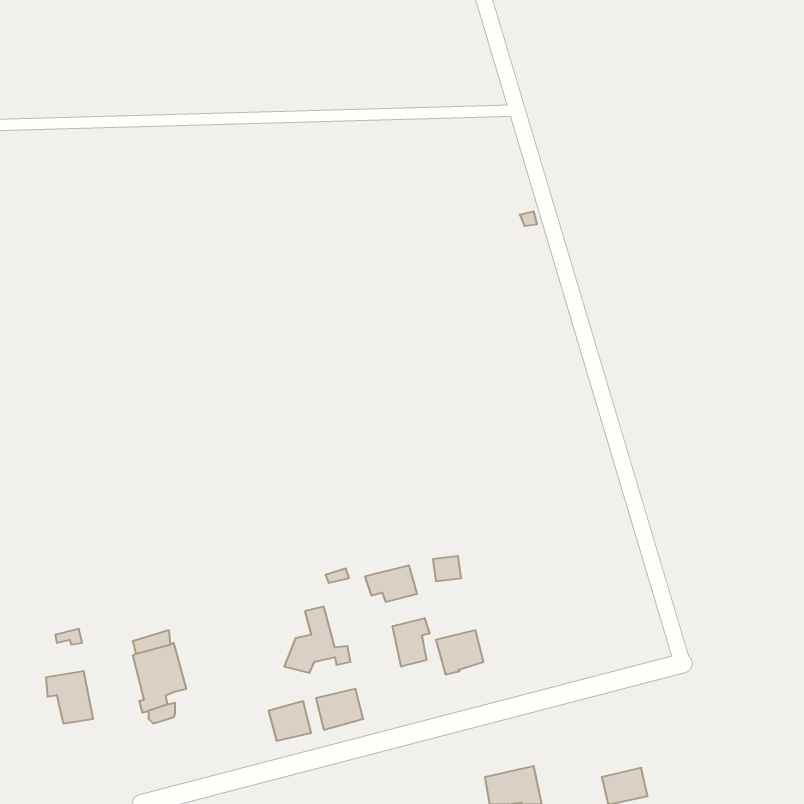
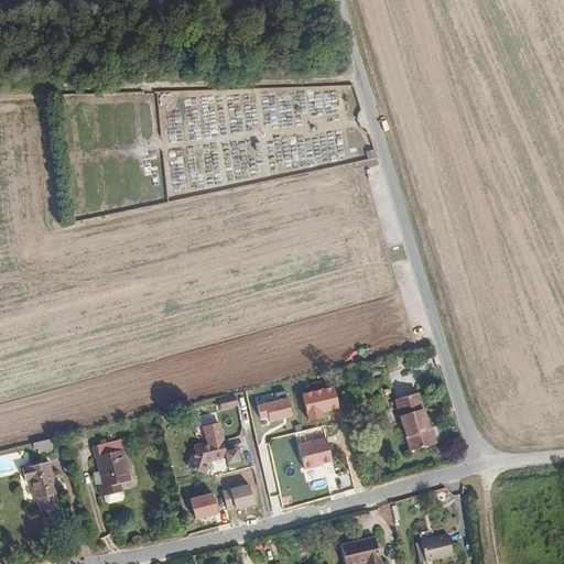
building: none -> [394,393,433,451]
building: [393,618,430,667] -> none

